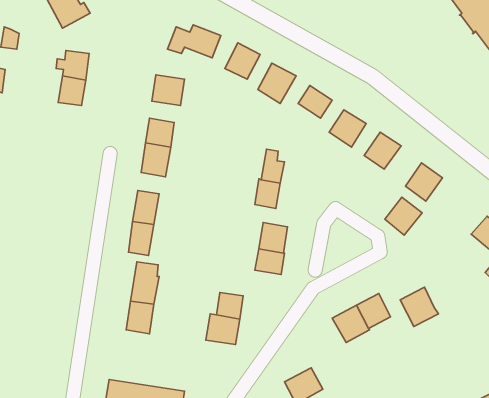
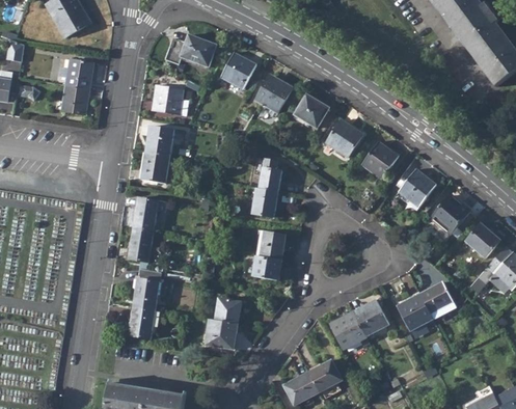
building: [385,197,422,235] -> [431,196,467,234]
building: none -> [418,280,452,312]
building: none -> [307,359,342,392]

